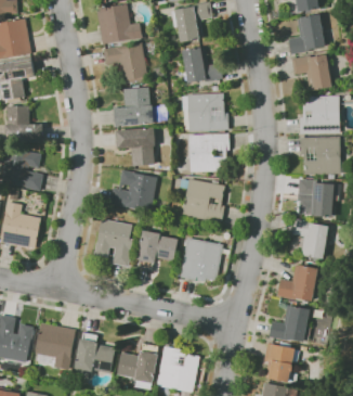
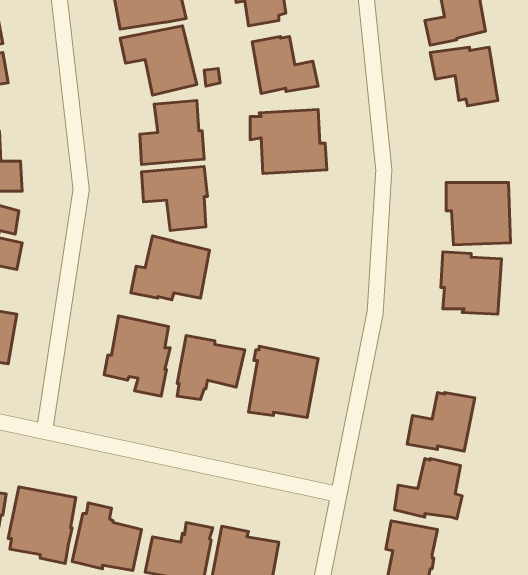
building: [299,93,339,133] -> none
building: [188,133,228,173] -> none
building: [182,179,224,222] -> none
building: [291,218,328,258] -> none

